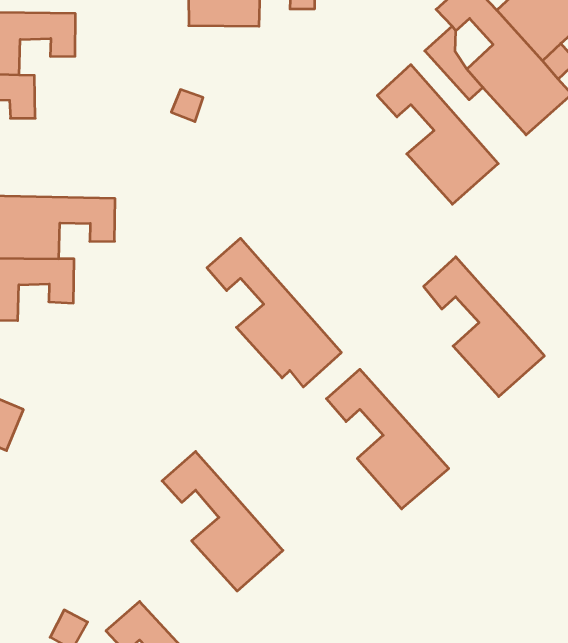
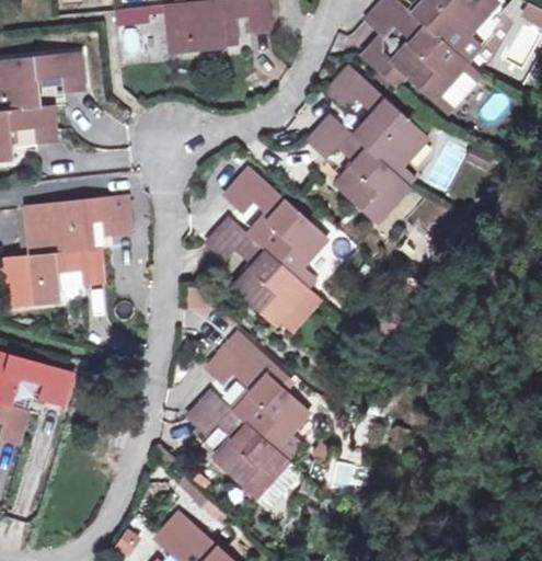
building: none -> [224,168,326,275]
building: [424,257,544,397] -> [308,114,410,221]
building: [326,369,449,509] -> [207,341,310,448]

